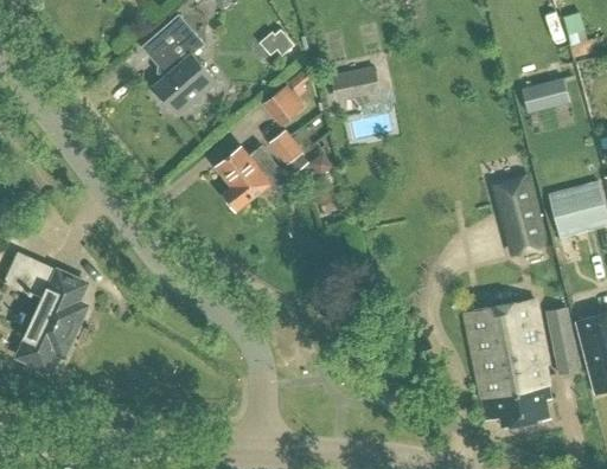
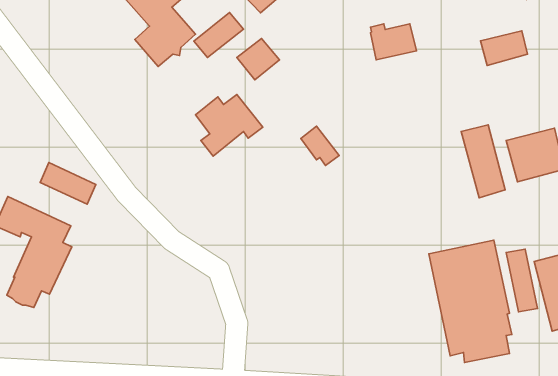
building: none -> [194,12,243,58]
building: [331,63,379,101] -> [370,24,416,60]
building: [269,130,309,172] -> [301,126,339,165]
building: none -> [40,163,96,204]

